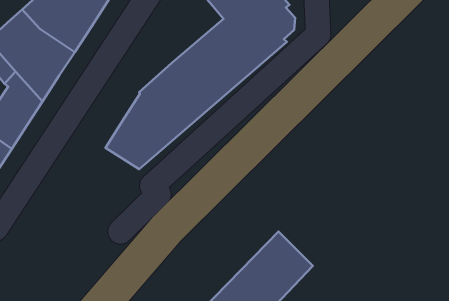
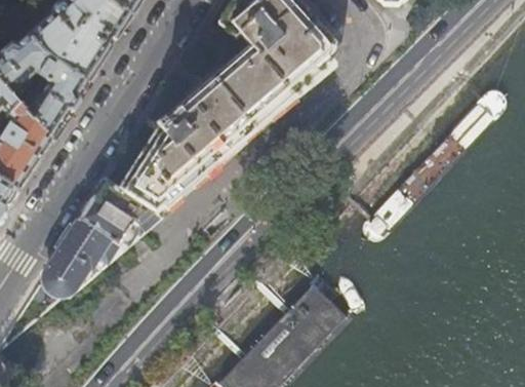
building: none -> [40,179,156,291]

